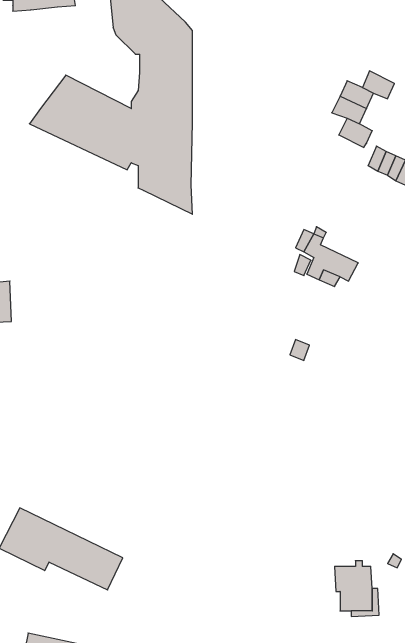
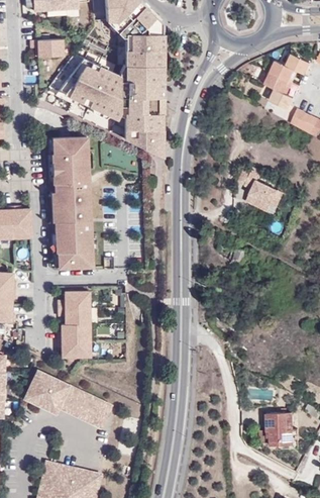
building: none -> [30,38,63,56]
building: none -> [52,136,93,267]
building: none -> [59,295,91,361]

